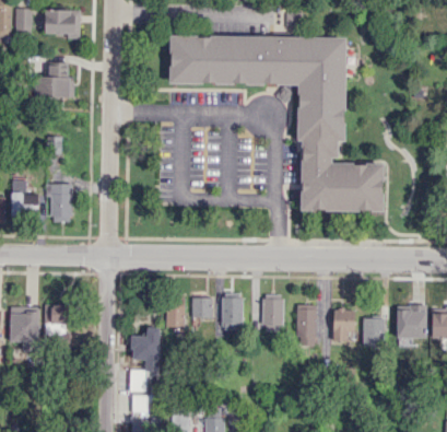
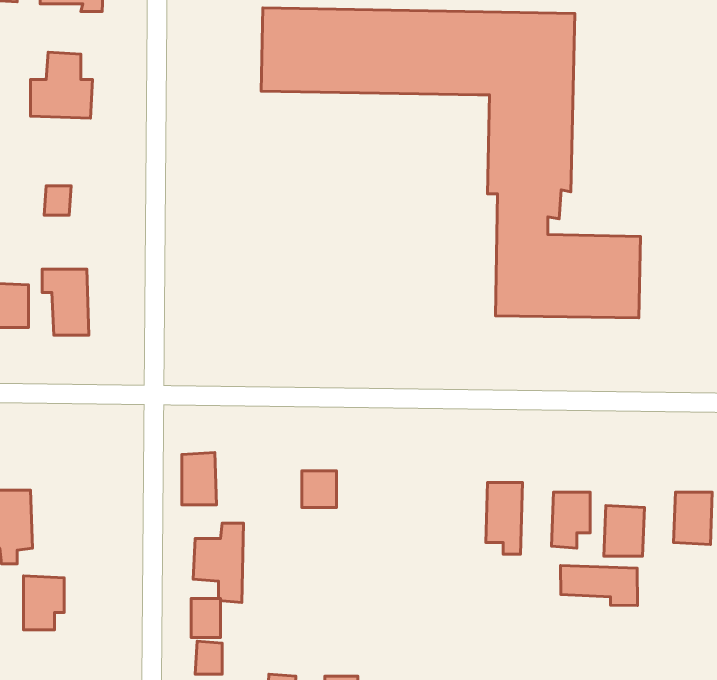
building: [262,295,284,331] -> none
building: [166,297,186,327] -> [182,452,217,505]
building: [222,297,244,330] -> none
building: [46,304,69,335] -> [24,576,64,630]
building: none -> [561,565,637,606]

